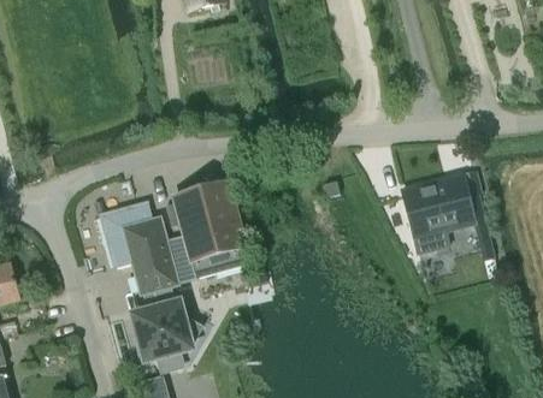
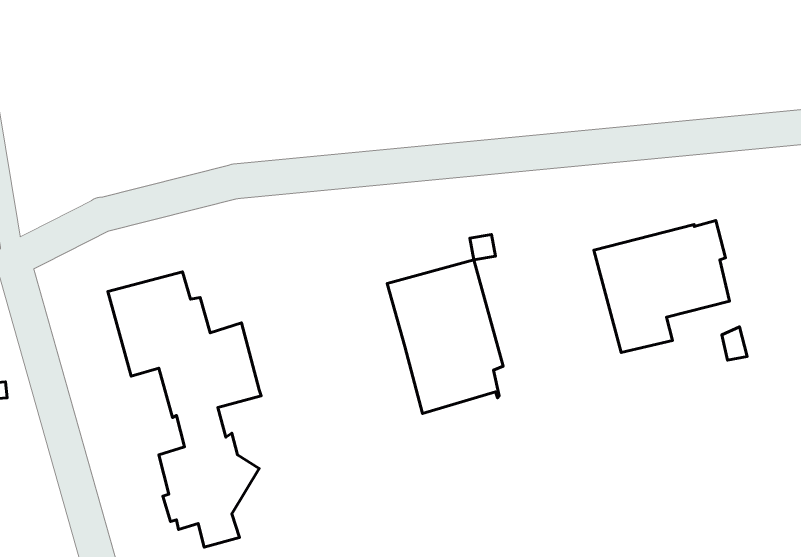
building: [171,180,242,274] -> [387,260,503,413]

